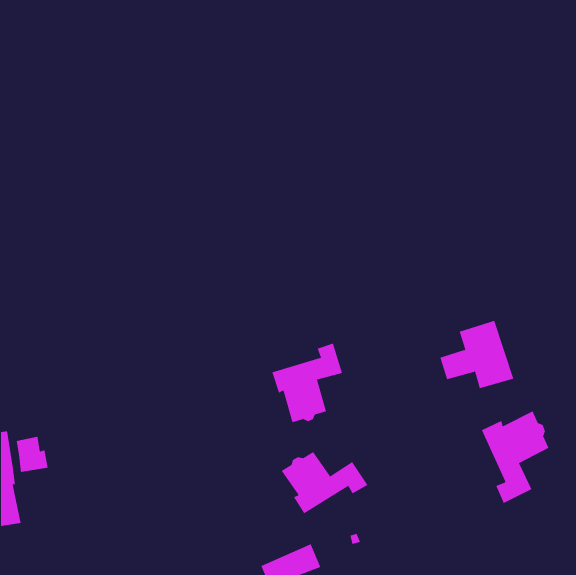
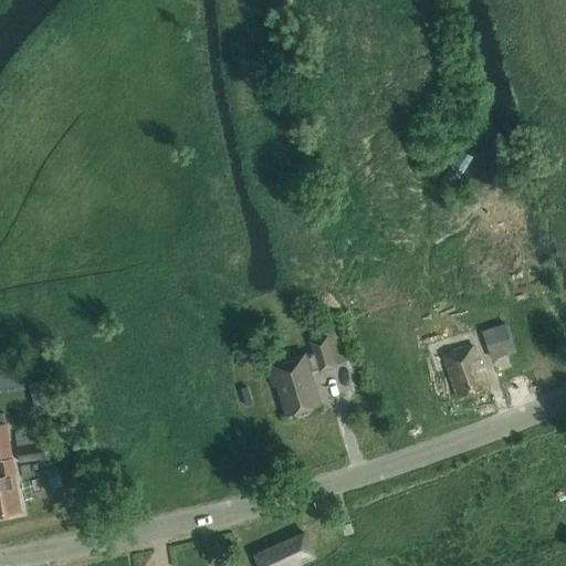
building: [481,410,549,504] -> none
building: [281,451,368,514] -> none

